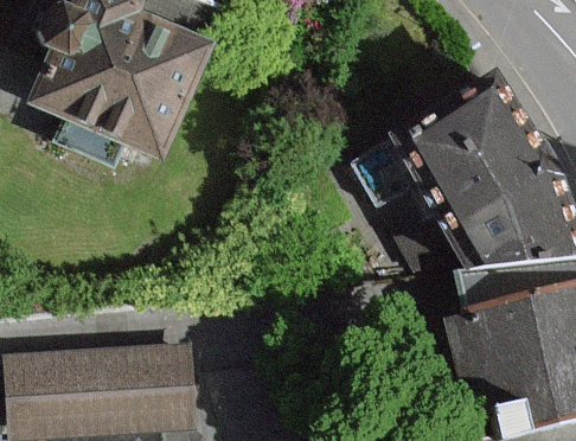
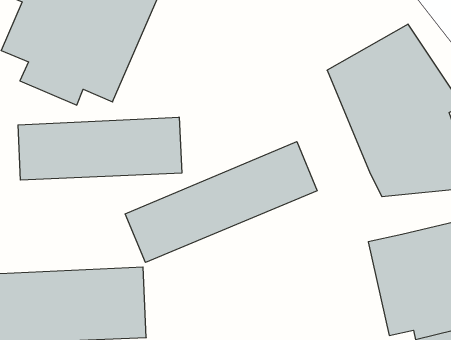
building: none -> [18,117,182,180]
building: none -> [125,142,317,262]

